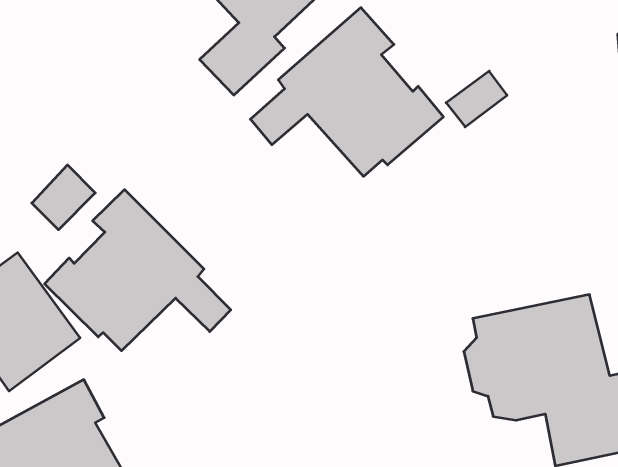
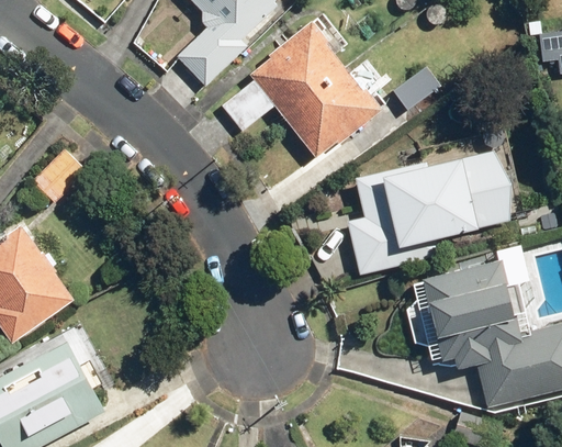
building: none -> [347,146,517,275]
building: [45,190,231,351] -> none

